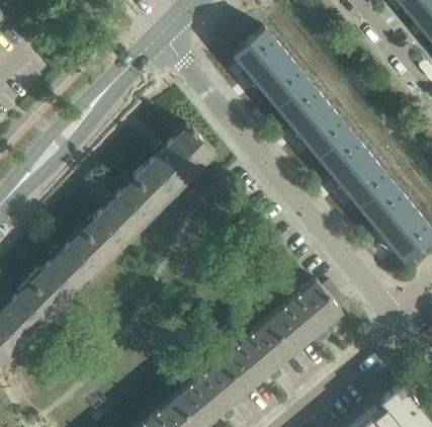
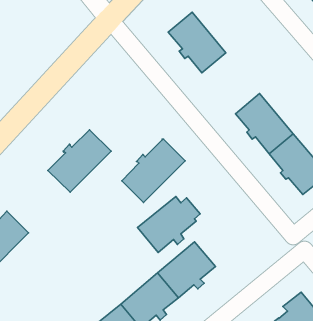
building: [276,81,349,158] -> none
building: [135,125,214,205] -> [122,139,185,202]
building: [30,230,110,309] -> none
building: [267,280,346,351] -> [137,196,200,252]

